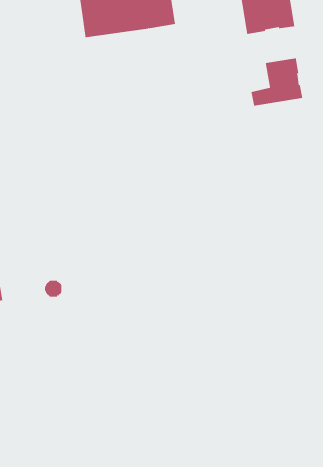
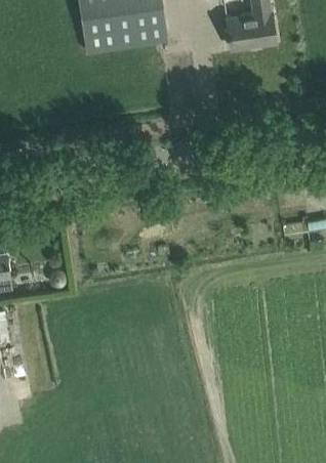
building: [251,57,303,106] -> none

